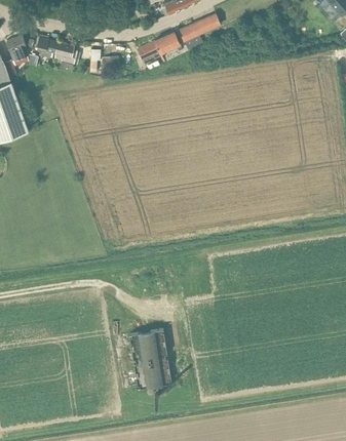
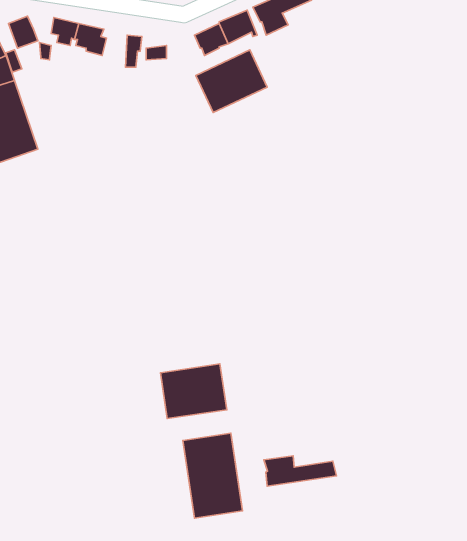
building: none -> [196,50,267,113]
building: none -> [160,364,227,419]
building: none -> [264,456,336,486]

